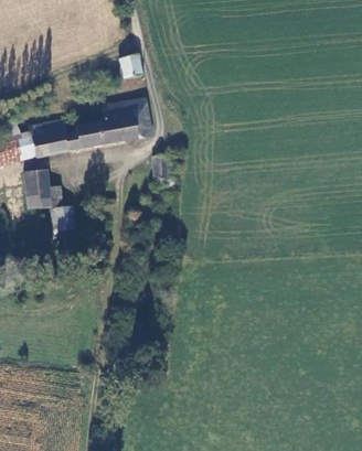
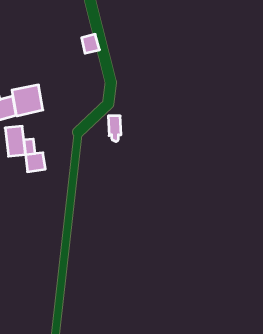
building: [76,96,151,149] -> none

